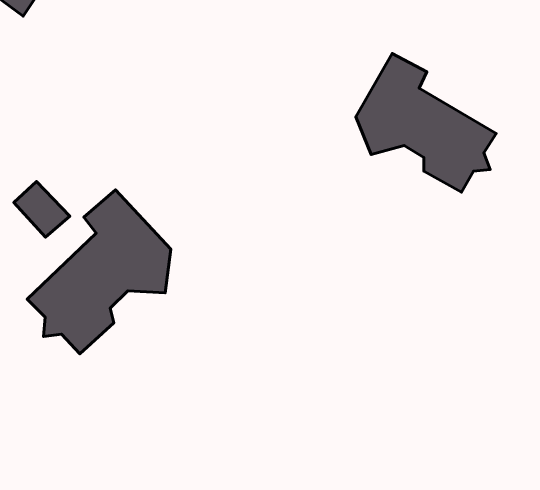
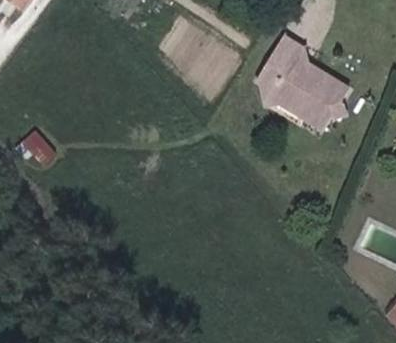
building: [27,190,171,354] -> none

